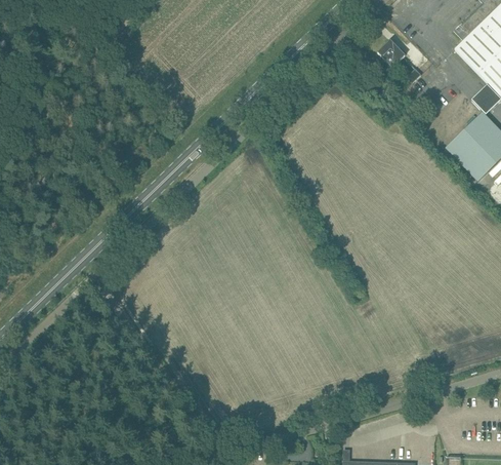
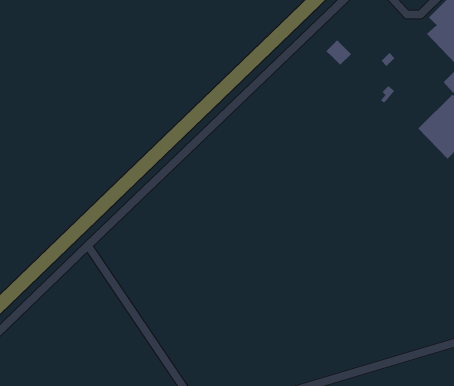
building: [379,39,407,67] -> [326,40,352,66]

